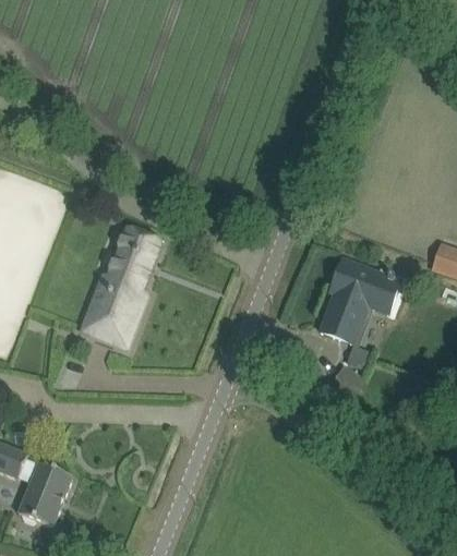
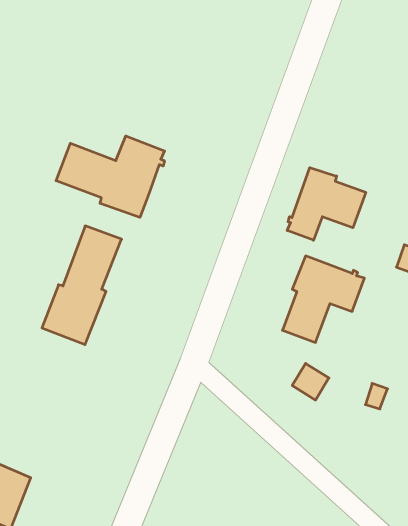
building: none -> [56,136,165,217]
building: none -> [287,168,366,240]

